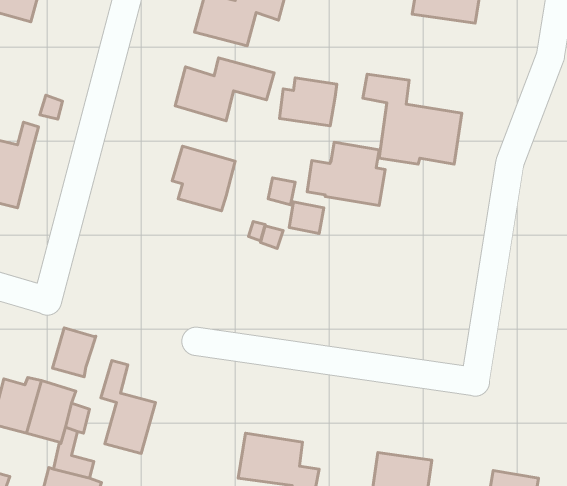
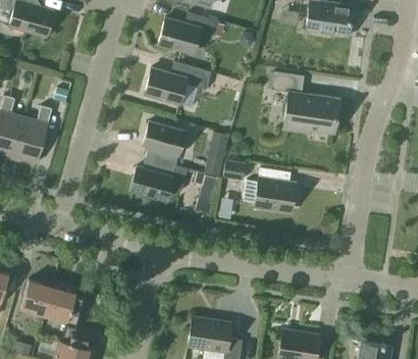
building: [279,78,337,126] -> none
building: [307,142,385,205] -> [243,167,296,210]
building: none -> [130,157,188,200]
building: [52,328,96,377] -> none
building: [101,361,156,453] -> none

